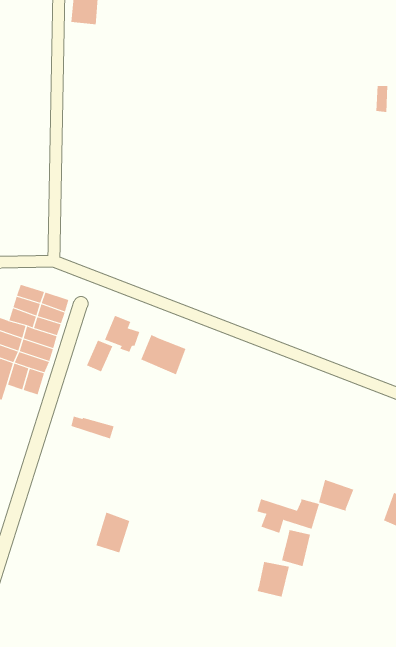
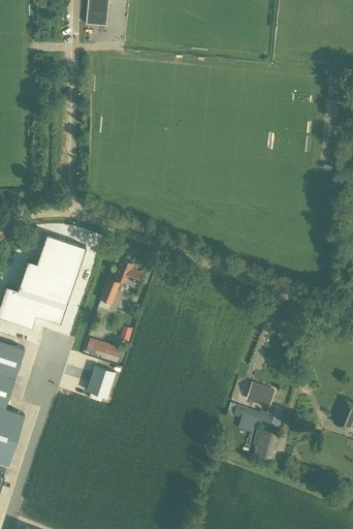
building: [140,334,186,375] -> none
building: [318,479,354,511] -> [247,382,276,408]
building: [95,512,130,553] -> [87,366,115,399]
building: [257,561,289,598] -> none

